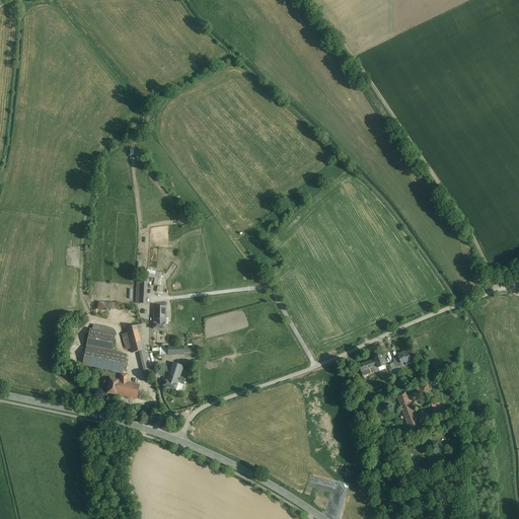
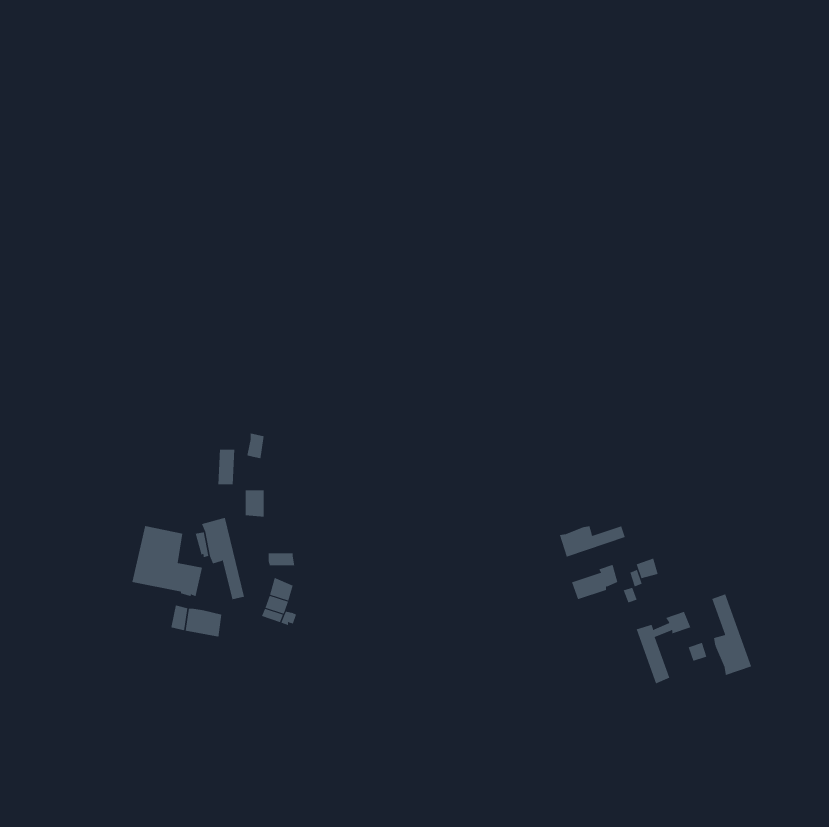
building: none -> [559,525,625,558]
building: none -> [712,594,752,676]

